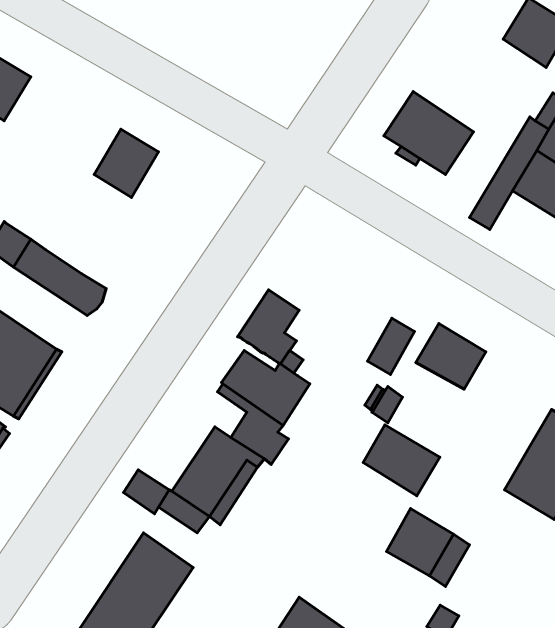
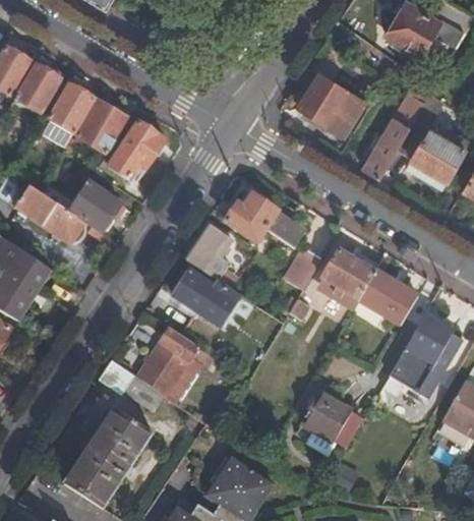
building: none -> [15,64,61,114]
building: none -> [43,84,96,147]
building: none -> [109,122,166,180]
building: none -> [70,181,120,231]
building: none -> [226,192,304,246]
building: [363,425,440,496] -> [358,271,416,325]

